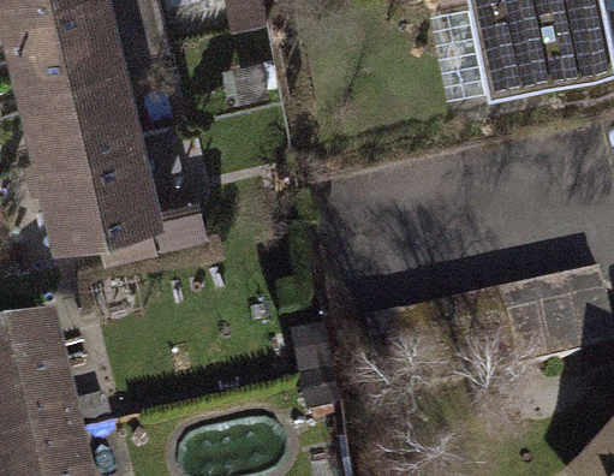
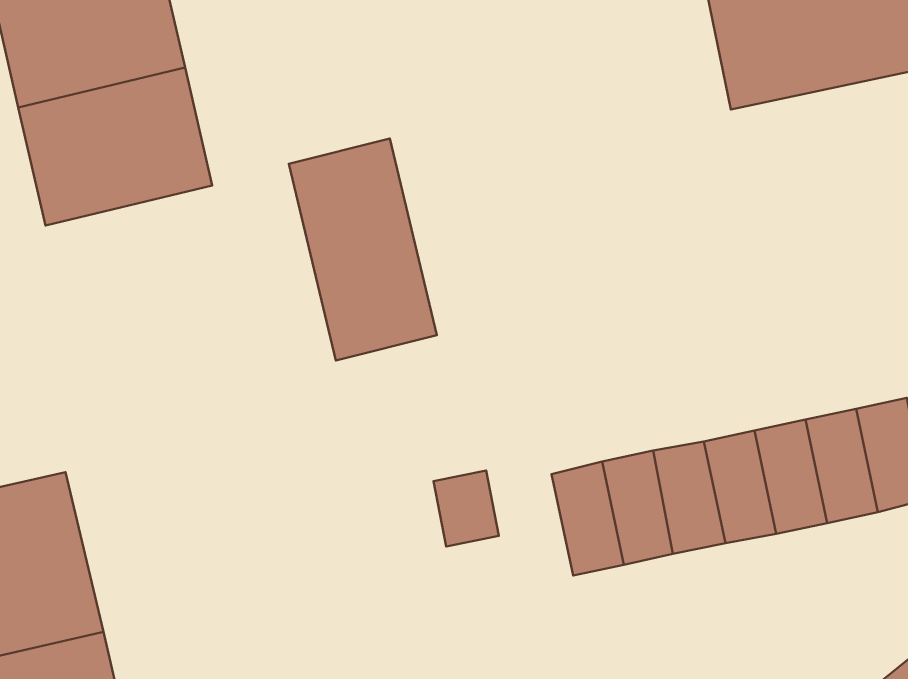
building: none -> [289,139,437,360]
building: [34,138,162,243] -> none

